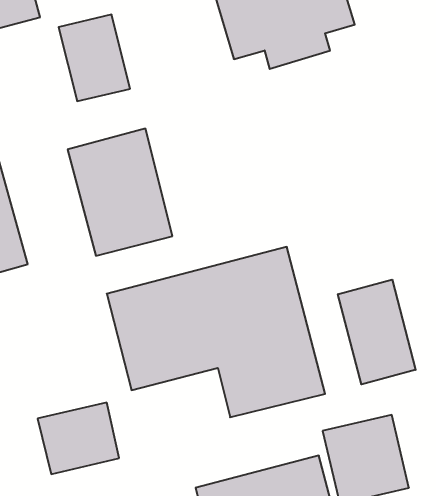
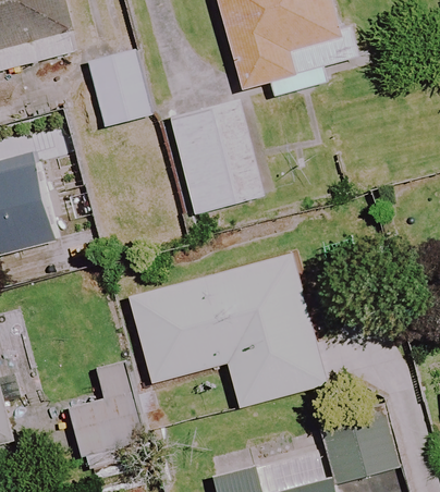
building: [68,129,172,256] -> [170,101,262,213]
building: [338,280,416,384] -> none

